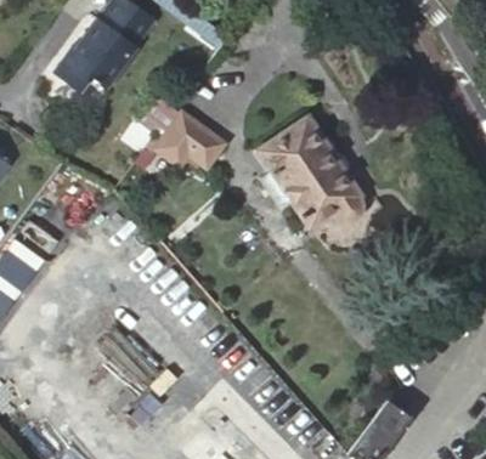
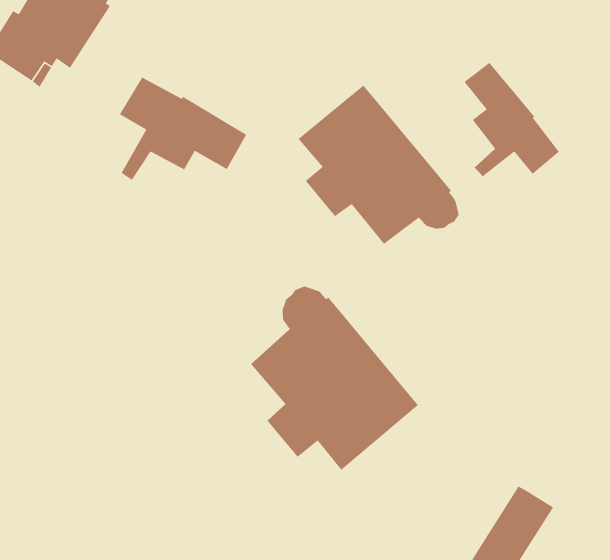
building: none -> [464,62,560,177]
building: none -> [250,285,419,471]

